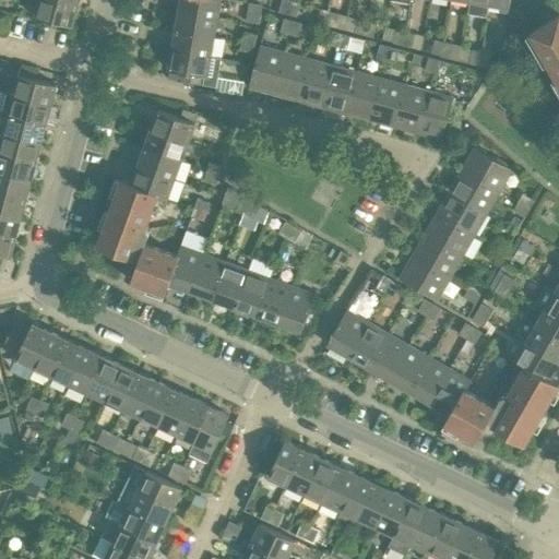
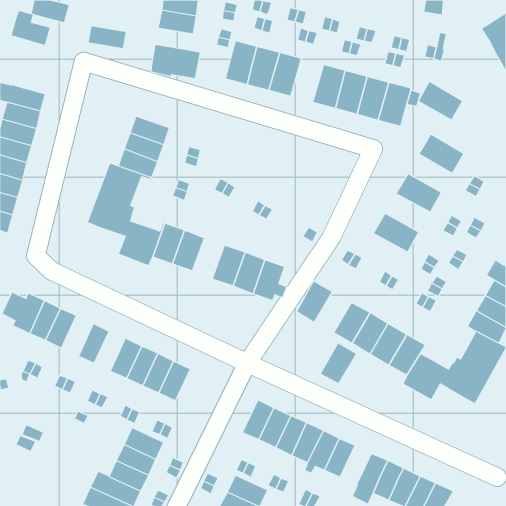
building: [170,32,213,57] -> [88,26,127,49]
building: [320,66,356,114] -> none
building: [12,67,56,105] -> [11,11,50,45]
building: [150,109,194,142] -> none
building: [449,170,498,213] -> [418,81,463,120]
building: [424,214,474,257] -> none
building: [399,258,449,300] -> none
building: [212,263,247,308] -> none
building: [346,322,386,367] -> [320,343,357,384]
building: [68,348,103,393] -> none
building: [104,366,138,409] -> none
building: [188,407,228,463] -> none
building: [374,491,408,535] -> none

